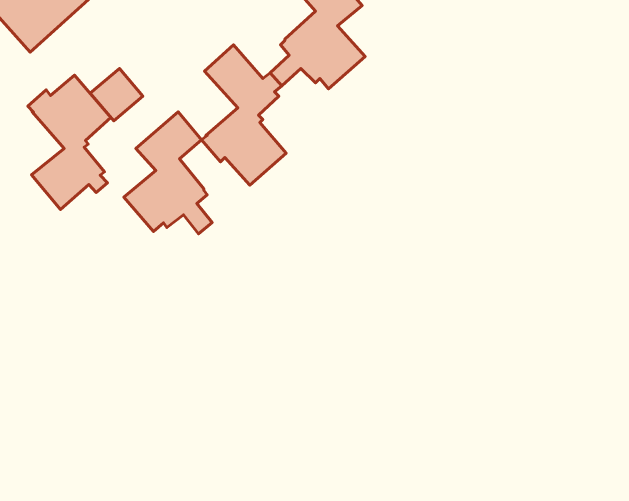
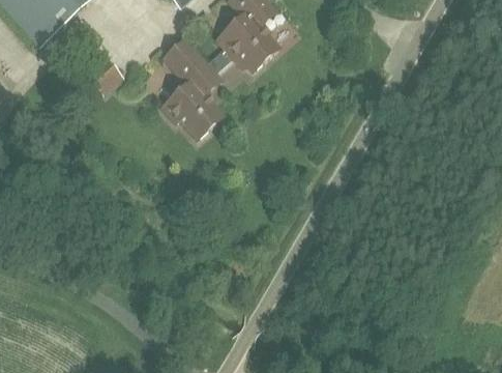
building: [28,75,111,209] -> none
building: [124,112,212,234] -> none

